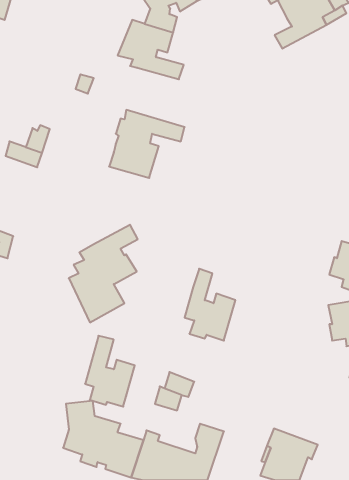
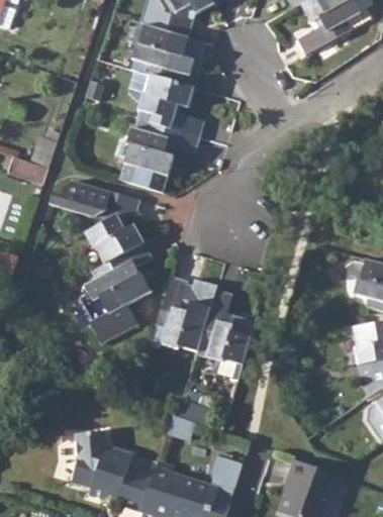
building: none -> [136,77,204,139]
building: none -> [47,181,141,264]
building: [85,336,135,407] -> [156,277,208,351]

